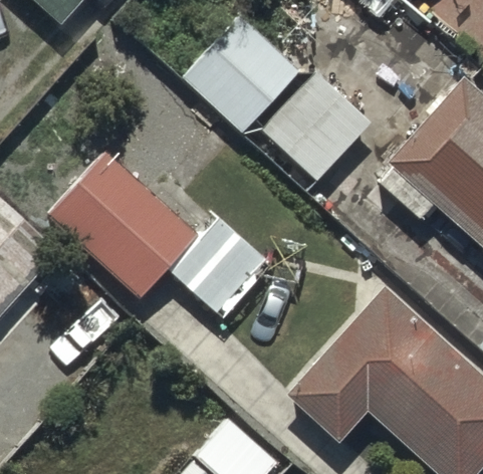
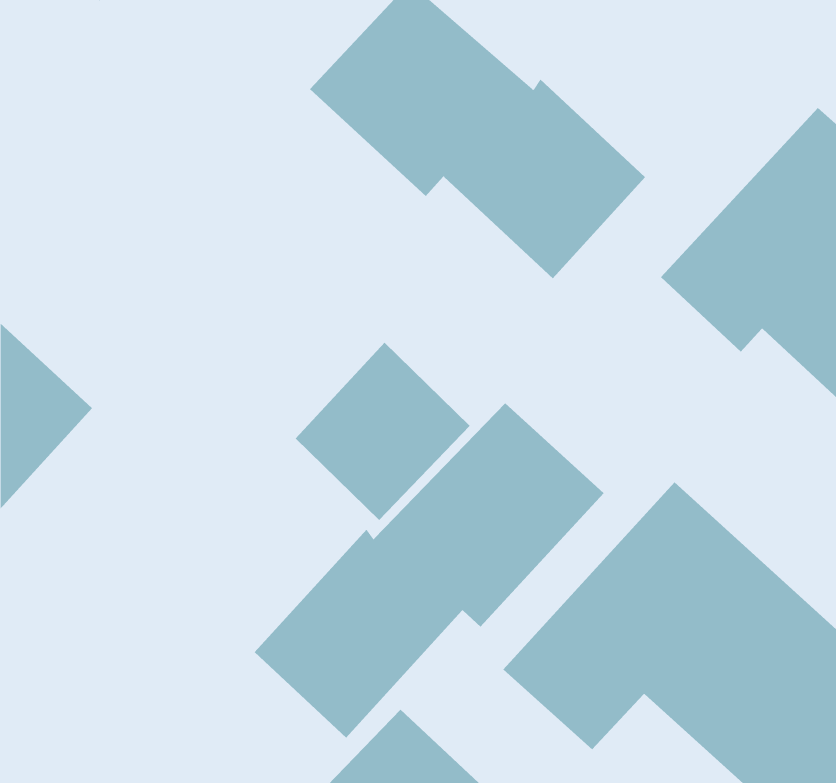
building: [48,144,200,296] -> none
building: none -> [254,403,605,738]

